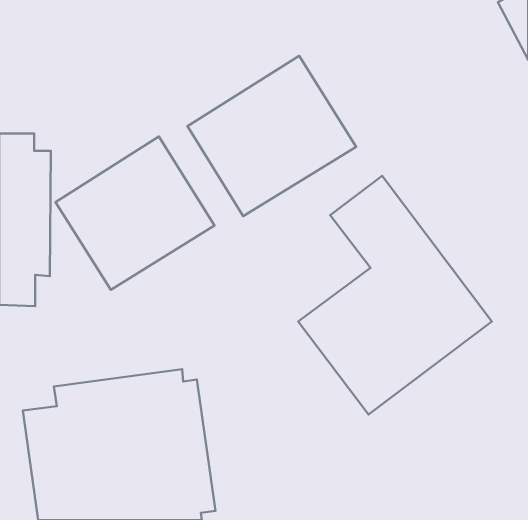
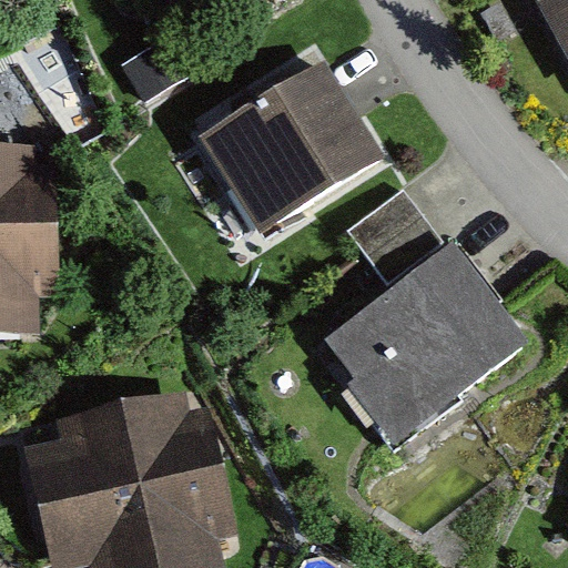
building: [56,137,214,290] -> none

